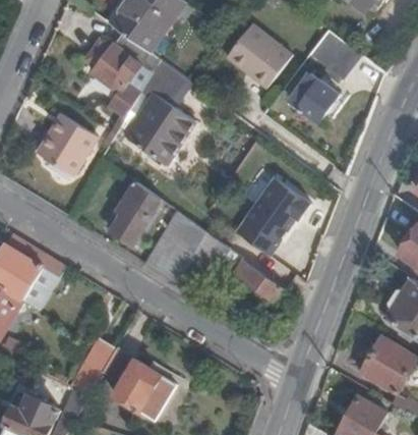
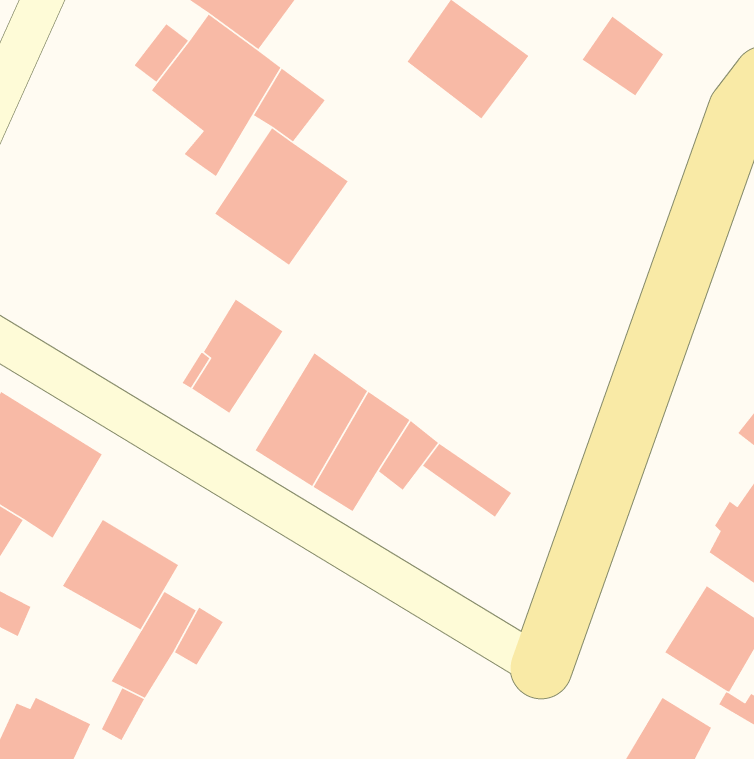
building: [291,73,340,122] -> none
building: [38,115,97,176] -> none
building: [235,177,308,255] -> none
building: [113,360,175,419] -> [62,519,179,630]

